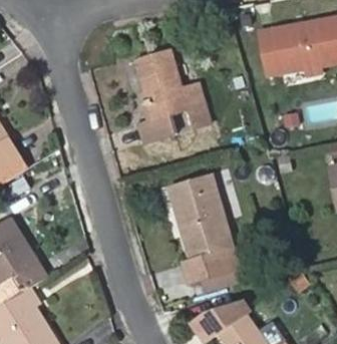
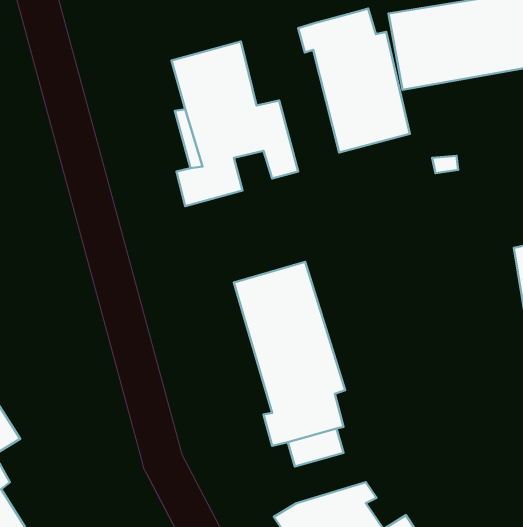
building: none -> [298,9,410,152]

